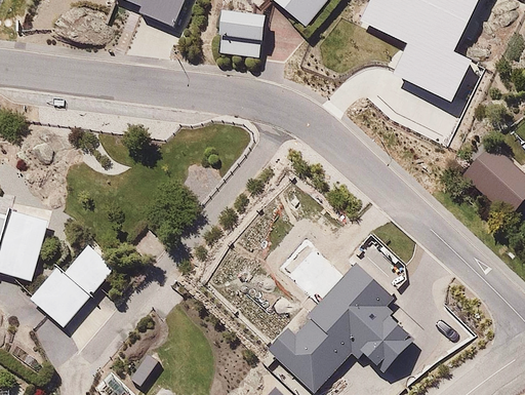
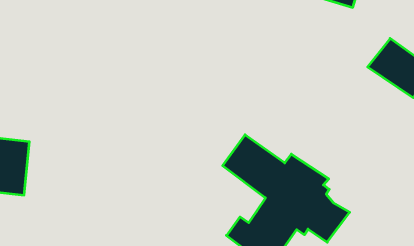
building: [31,243,115,324] -> none

